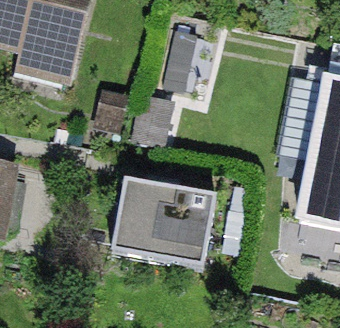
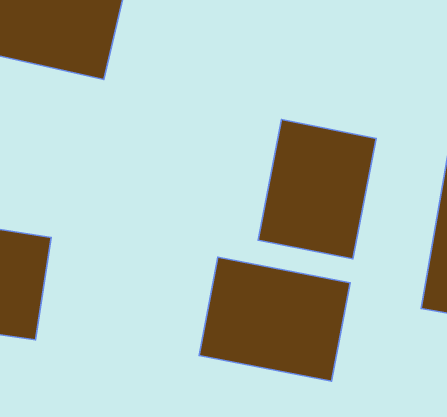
building: none -> [258,120,376,259]

